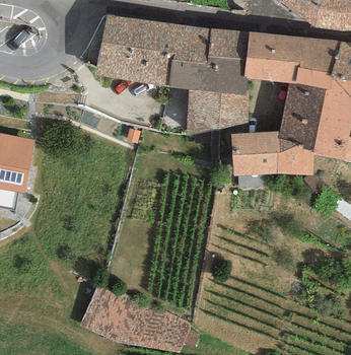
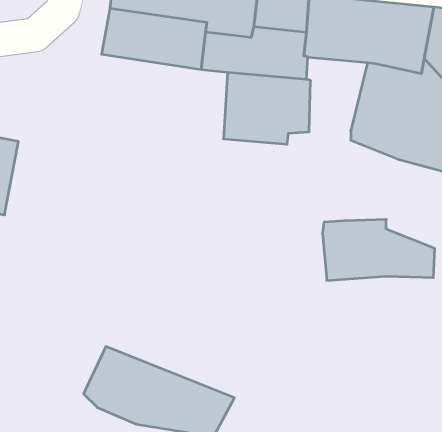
building: [231,131,313,175] -> [323,219,435,280]

